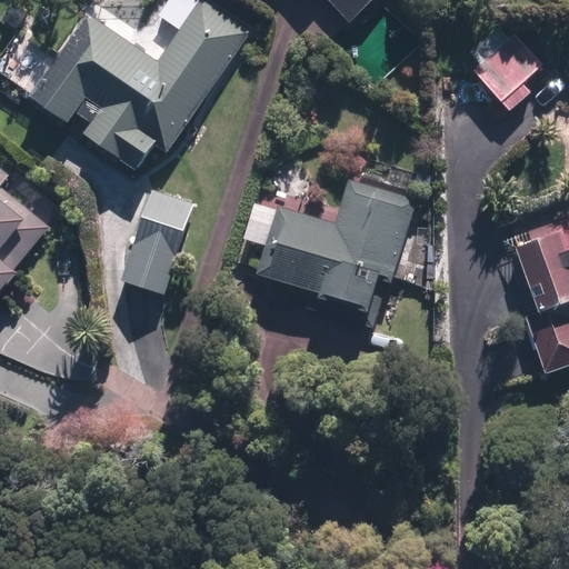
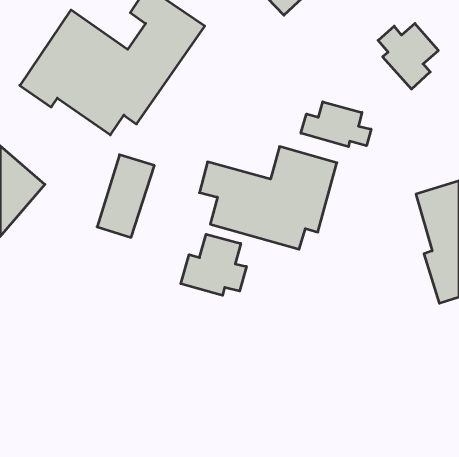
building: none -> [301,102,371,147]
building: none -> [181,234,246,295]

